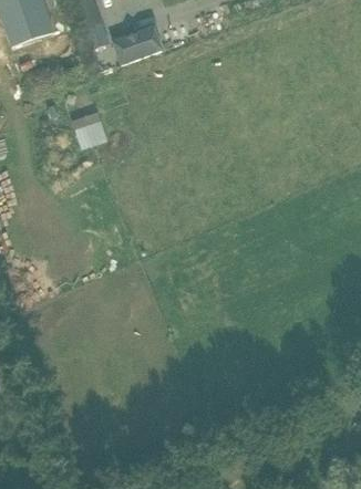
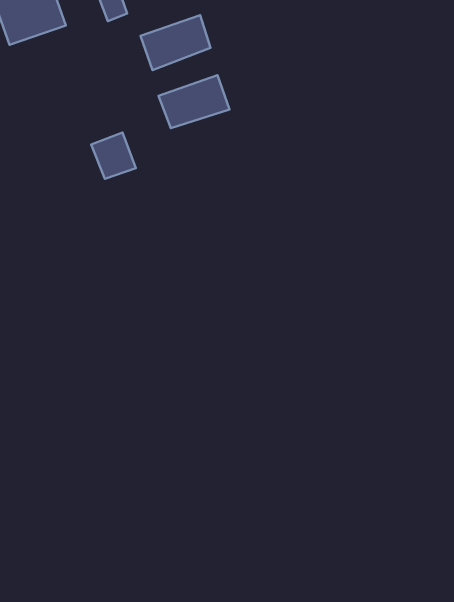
building: none -> [158,75,230,128]

